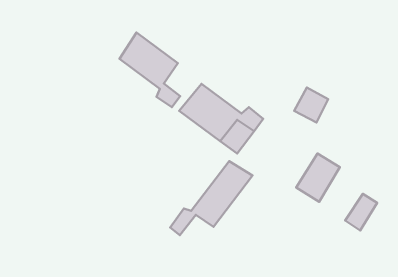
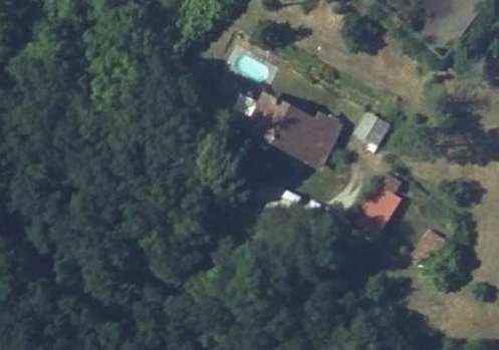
building: [119,32,180,107] -> none
building: [170,161,252,235] -> none

